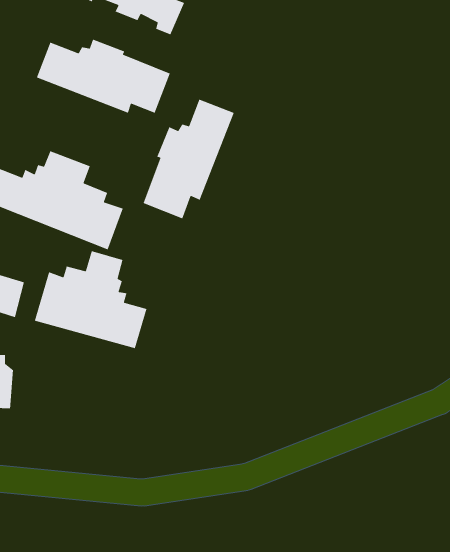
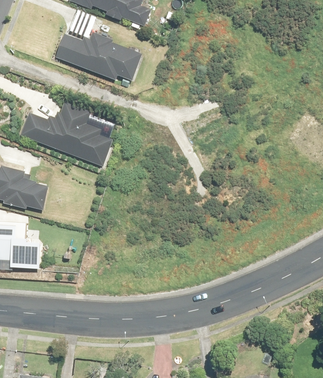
building: [142,98,235,219] -> none
building: [34,250,147,349] -> none

